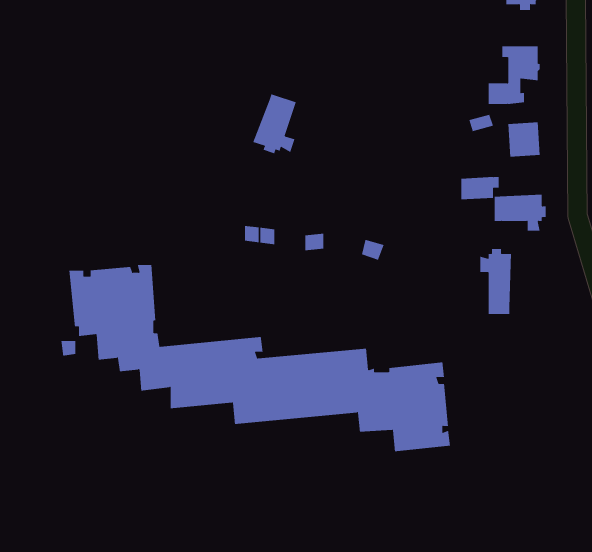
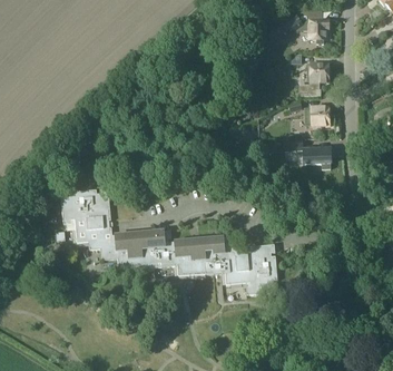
building: [252,93,297,154] -> none
building: [480,248,512,315] -> none

